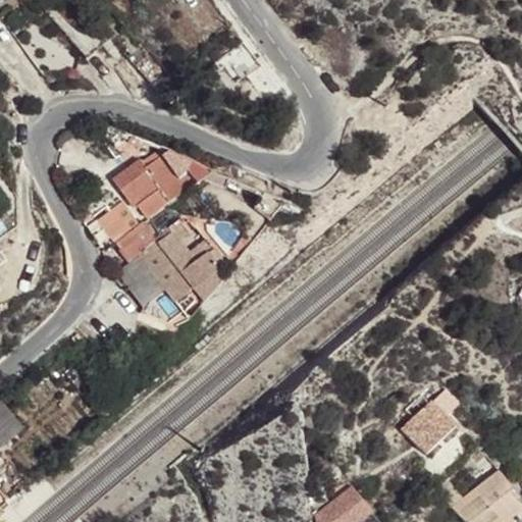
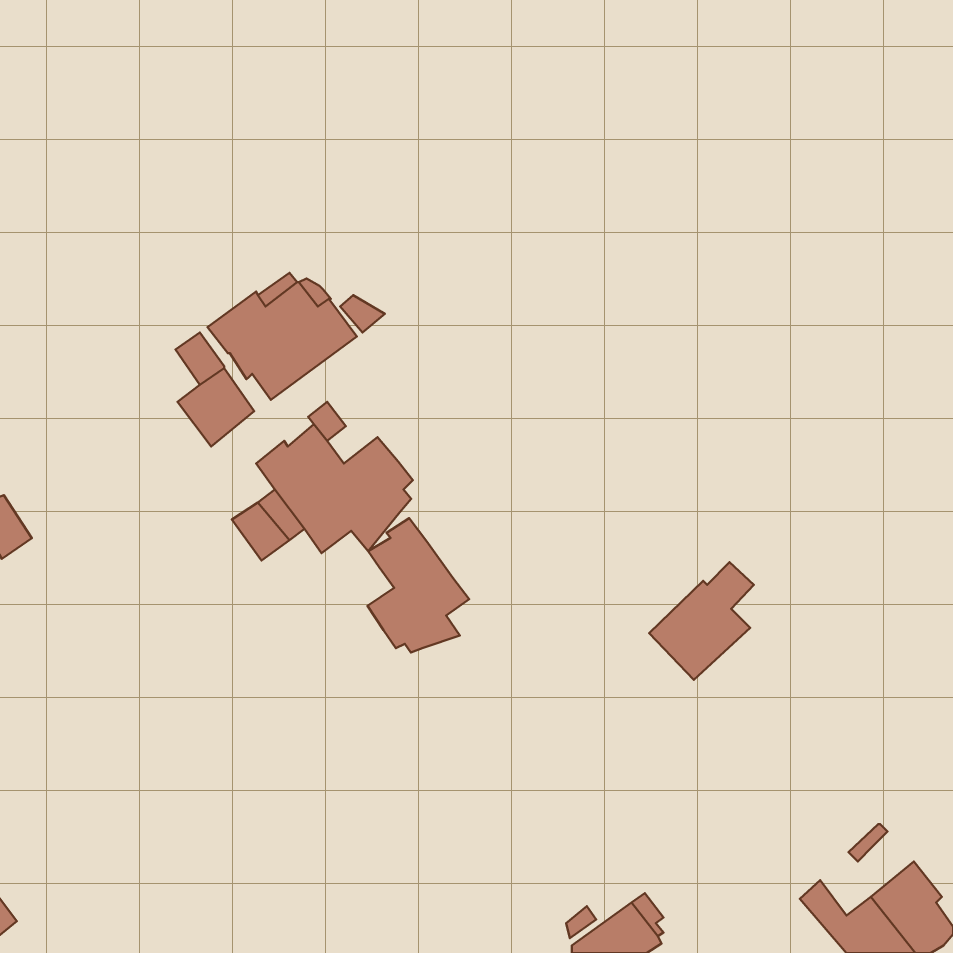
building: [115,221,156,262] -> none
building: none -> [368,518,469,653]
building: [401,390,458,455] -> [649,562,754,680]

